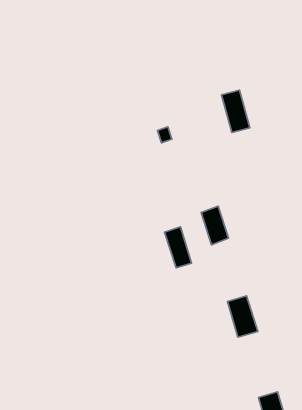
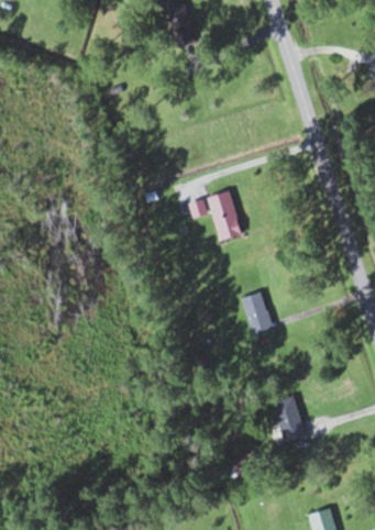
building: [221,90,250,133] -> [208,191,241,241]
building: [165,227,192,268] -> none

